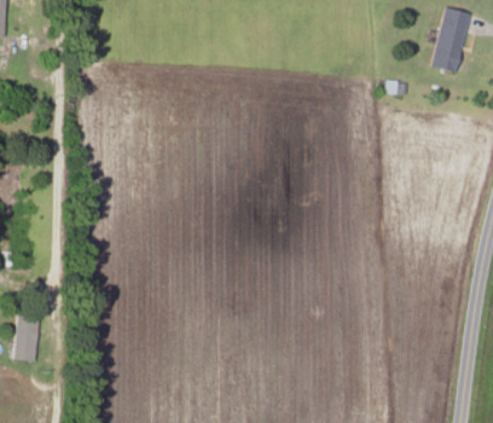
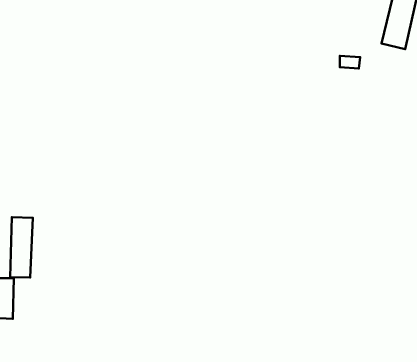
building: none -> [10,217,33,277]

